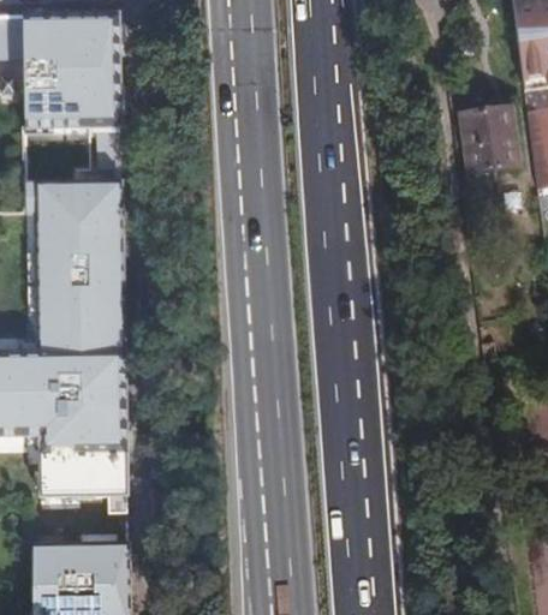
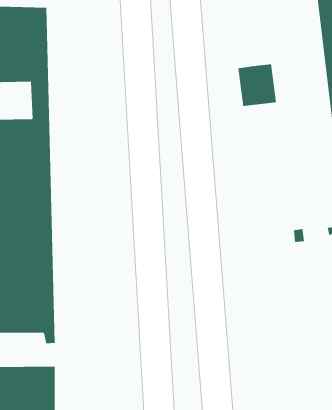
building: [461,109,519,172] -> [237,64,277,107]

